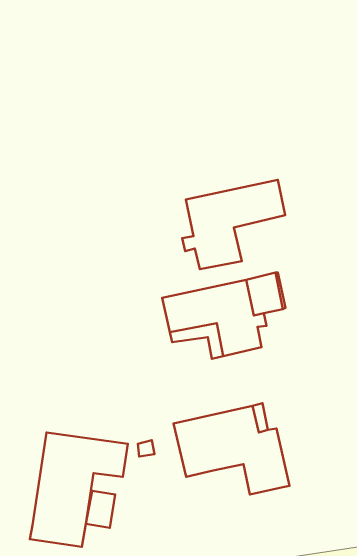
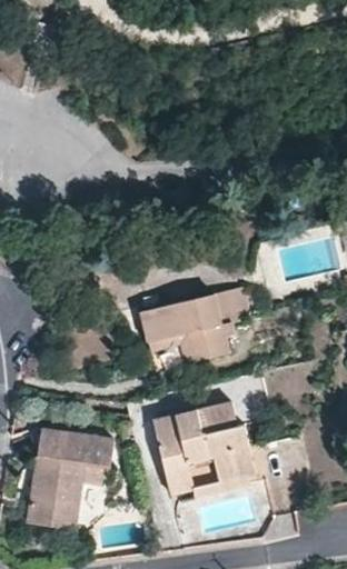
building: [182,180,285,269] -> none
building: none -> [163,461,249,501]

